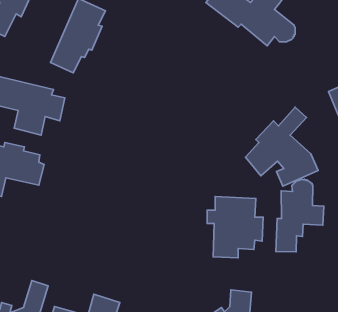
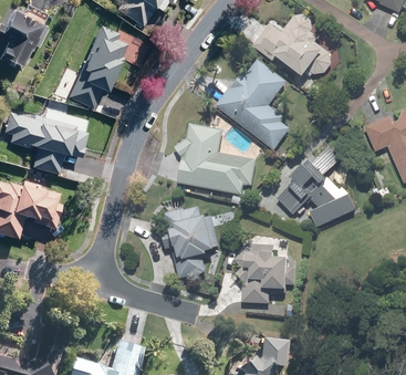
building: none -> [217,60,294,152]
building: none -> [175,126,258,195]
building: none -> [163,204,221,279]
building: [276,179,324,252] -> none

